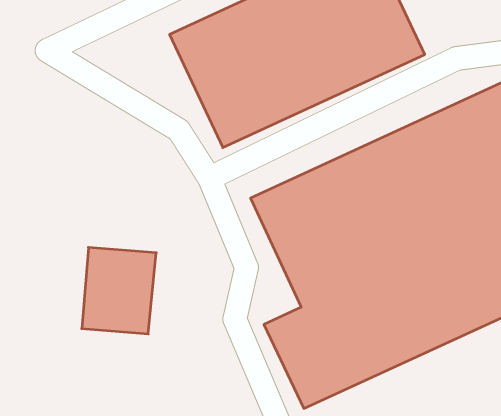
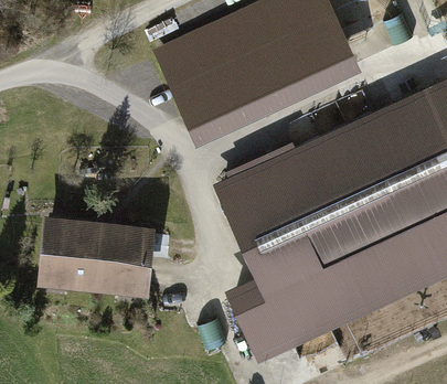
building: none -> [23,223,82,295]

